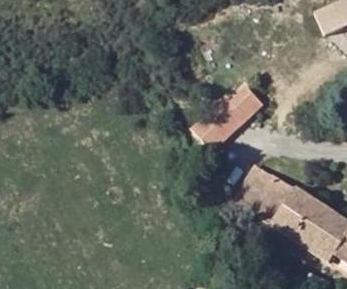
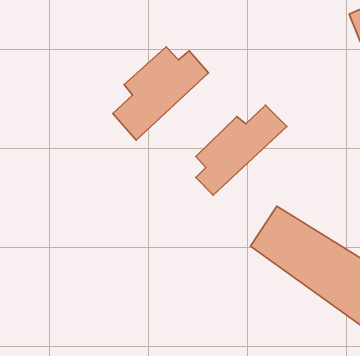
building: none -> [113,47,208,140]

